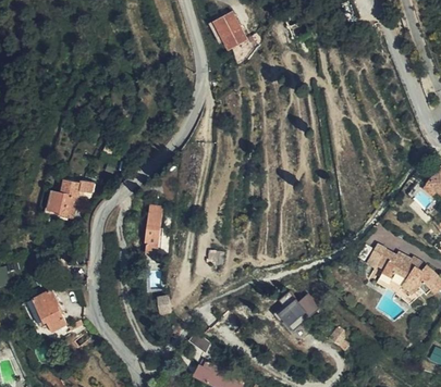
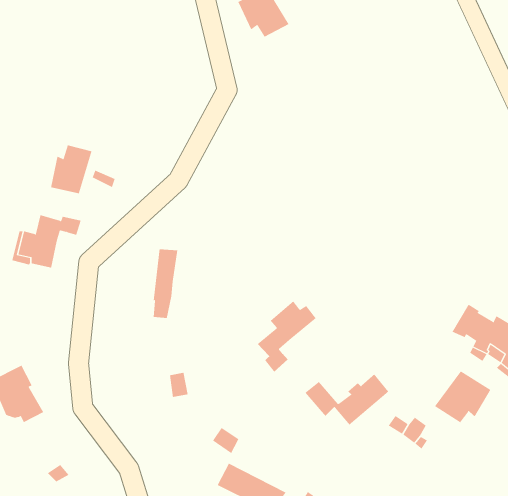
building: none -> [50,145,92,194]
building: none -> [257,300,316,372]
building: none -> [434,370,491,423]

